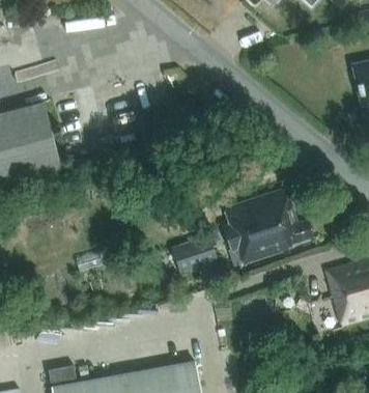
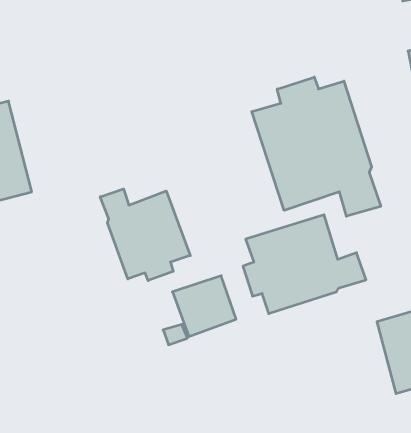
building: none -> [252,77,381,216]
building: none -> [100,189,190,281]

